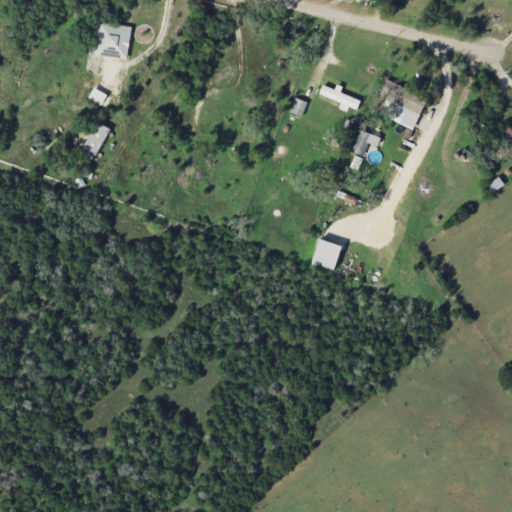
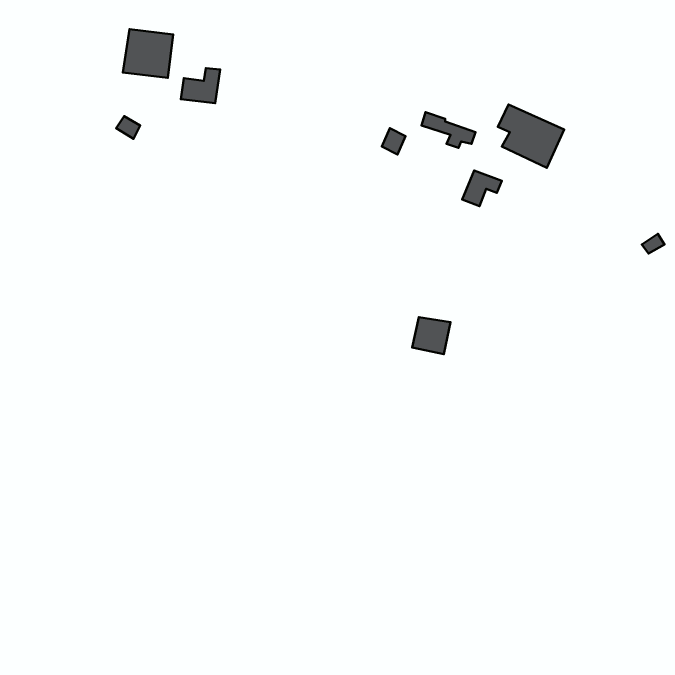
building: none -> [181,68,220,103]
building: [82,121,110,155] -> none

